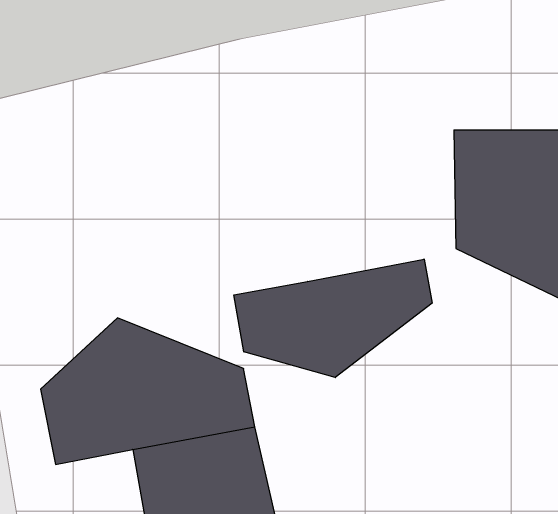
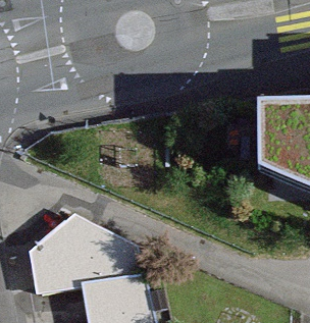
building: [234,259,432,378] -> none

